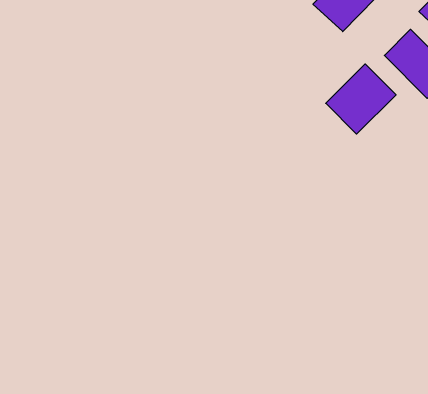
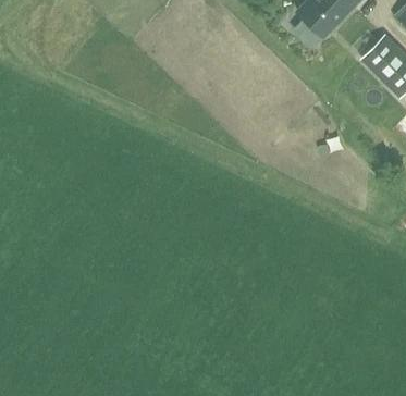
building: [326,64,396,134] -> none

